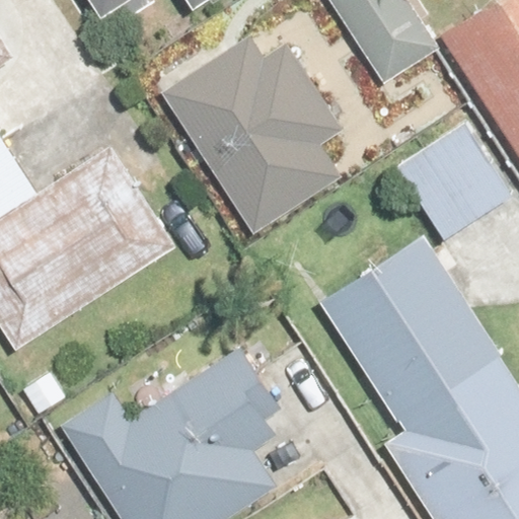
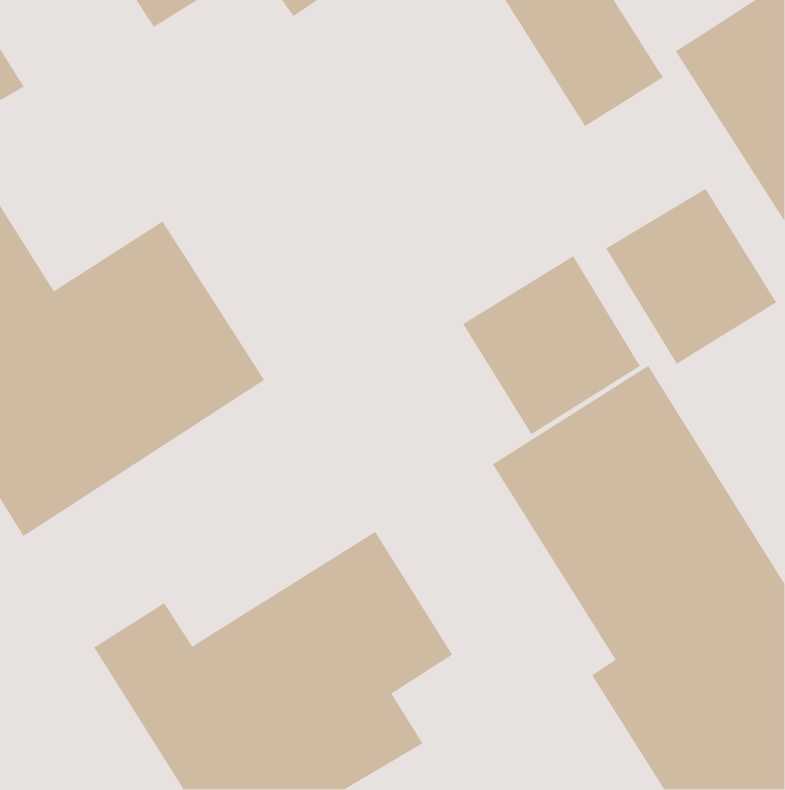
building: [164,26,341,233] -> none
building: none -> [462,255,641,435]

